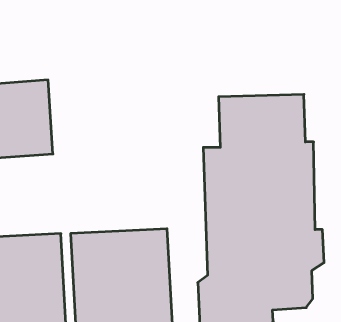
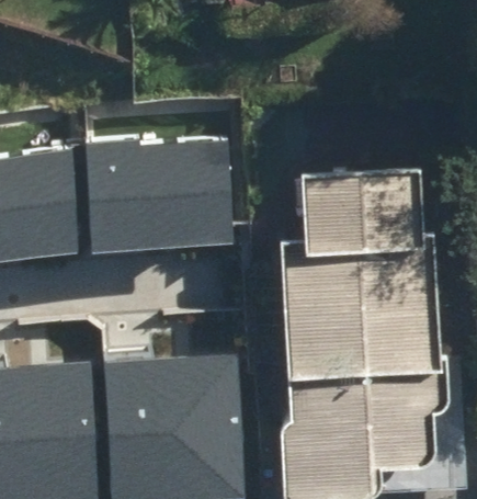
building: none -> [86,144,234,254]

